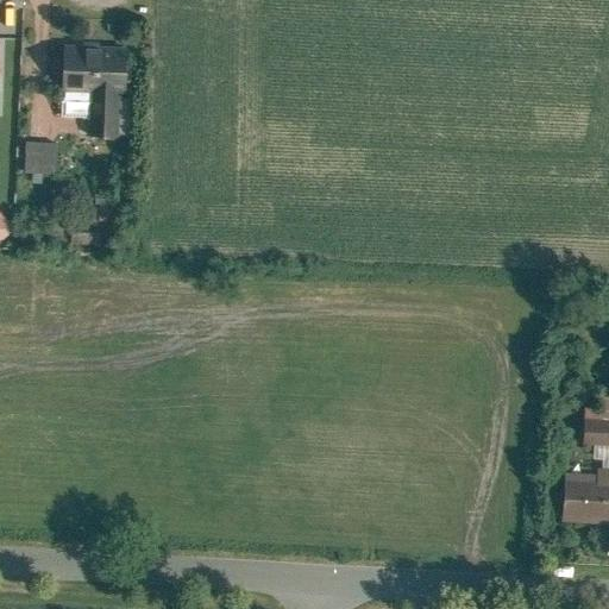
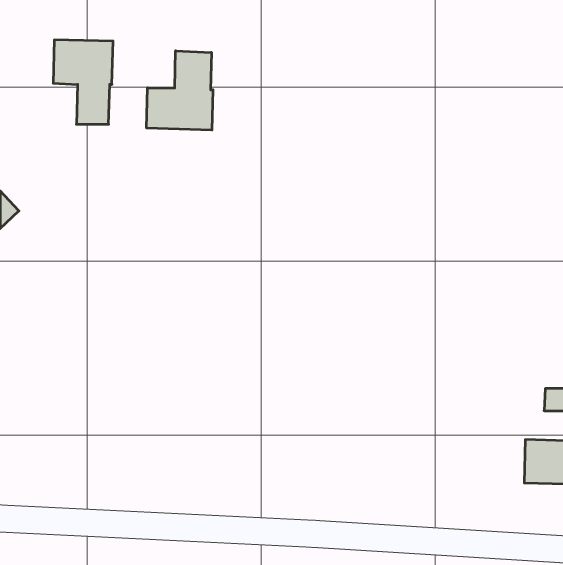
building: none -> [147,51,213,130]
building: [34,143,61,171] -> none

